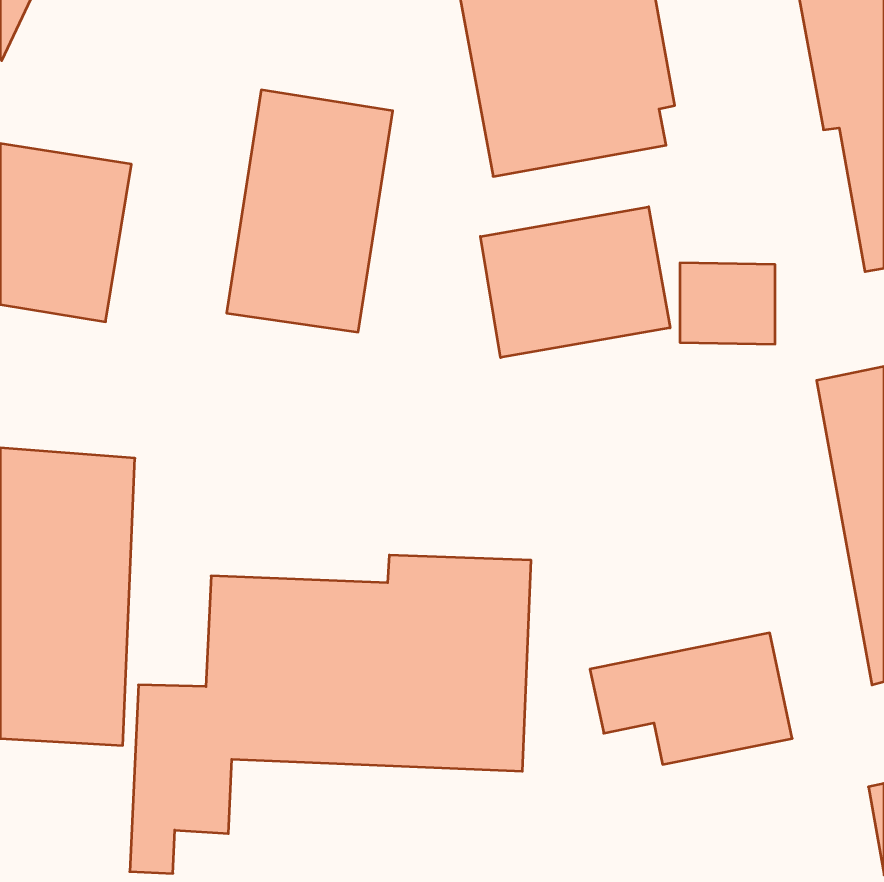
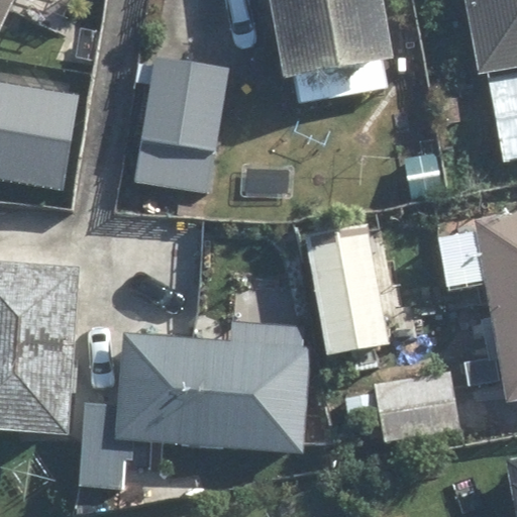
building: [480,207,670,358] -> none
building: none -> [305,222,386,353]

